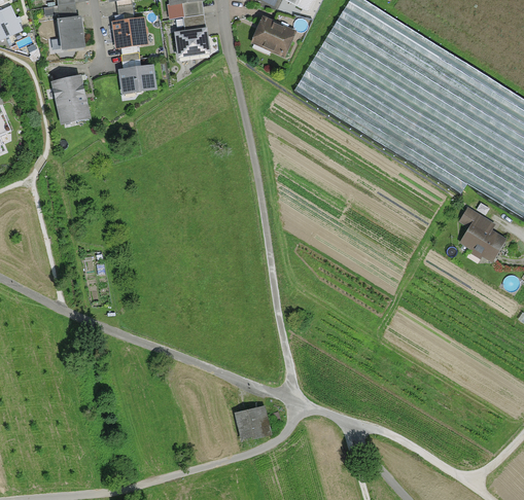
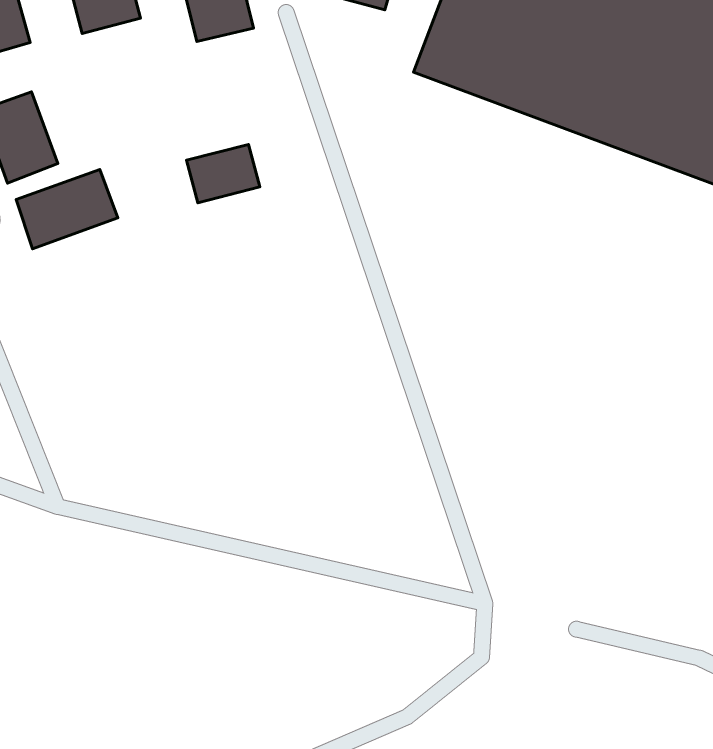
building: [117,64,156,93] -> [187,144,260,203]
building: none -> [16,169,118,249]
building: [235,403,273,440] -> none

